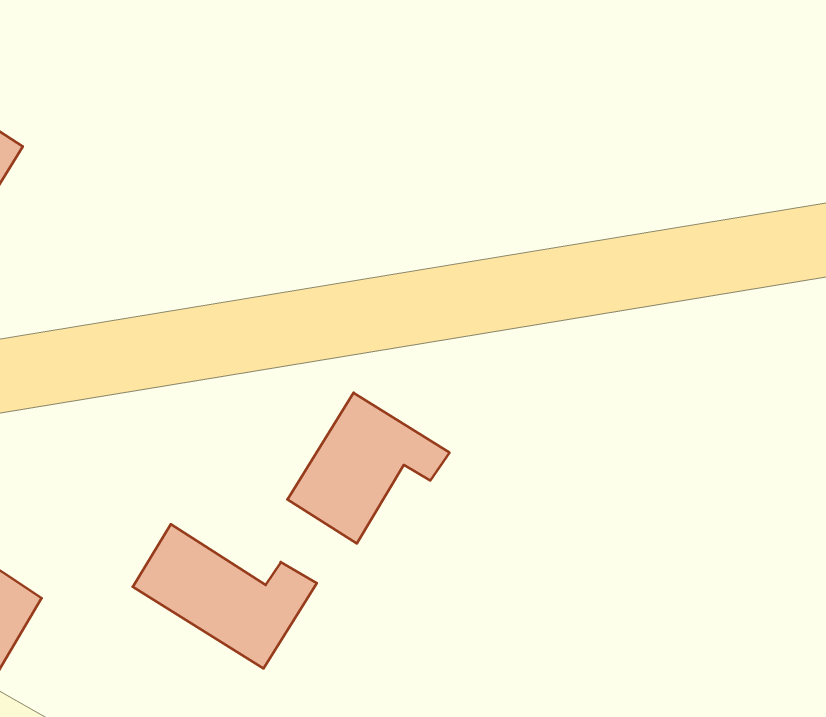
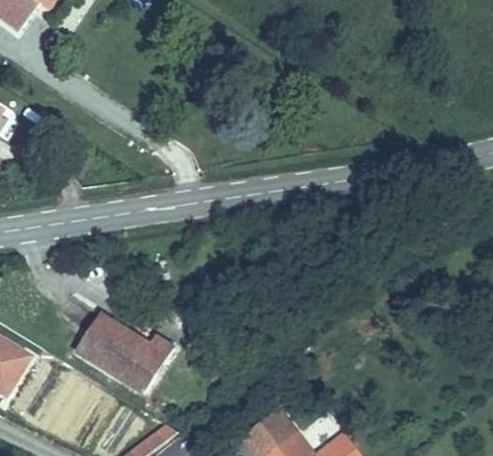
building: [287,393,449,543] -> none

